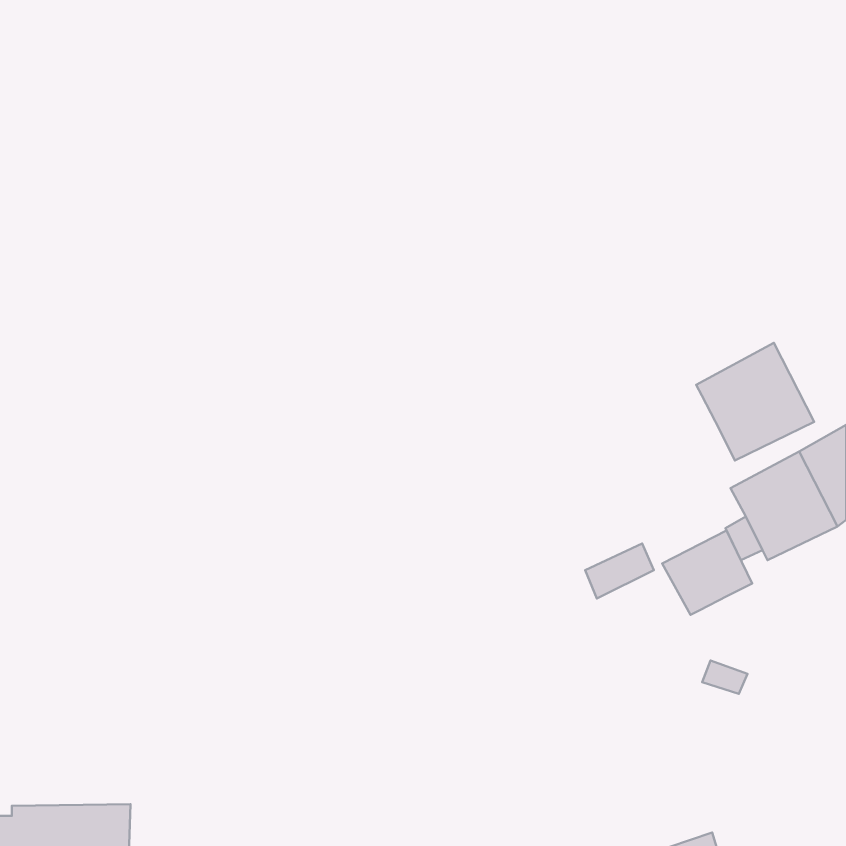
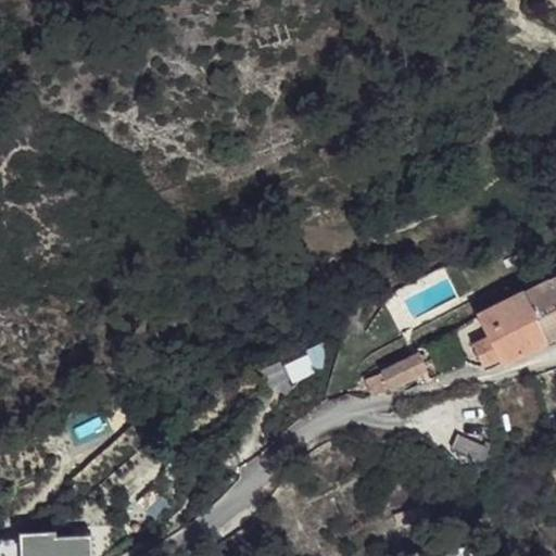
building: [696,343,814,460] -> none
building: [662,531,752,615] -> none

